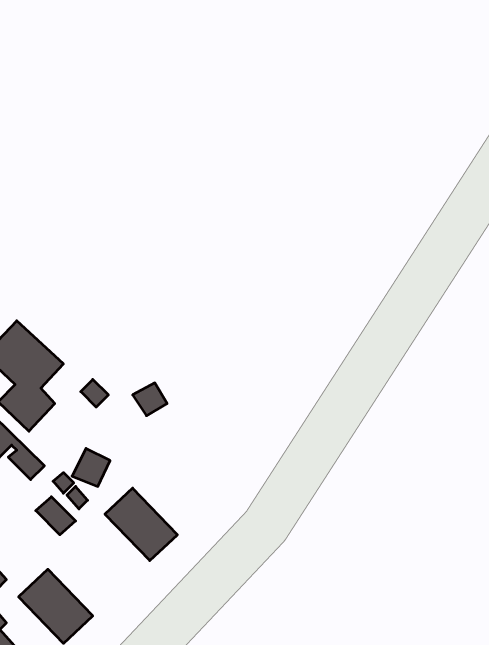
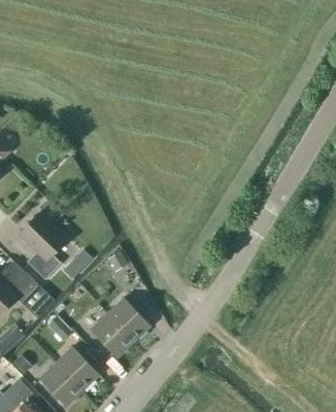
building: none -> [107,299,150,342]
building: none -> [57,347,99,390]

